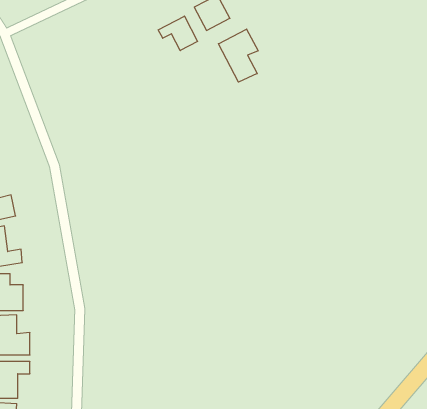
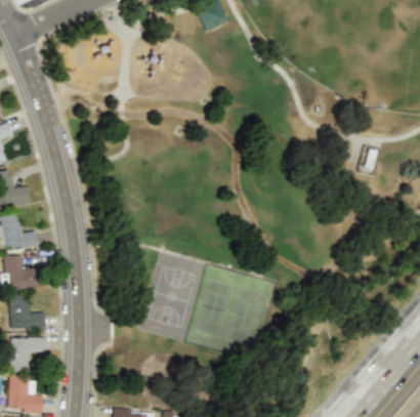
building: [158,16,198,51] -> none
building: [218,29,258,82] -> none

